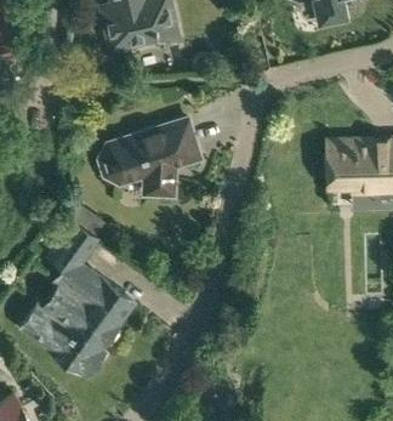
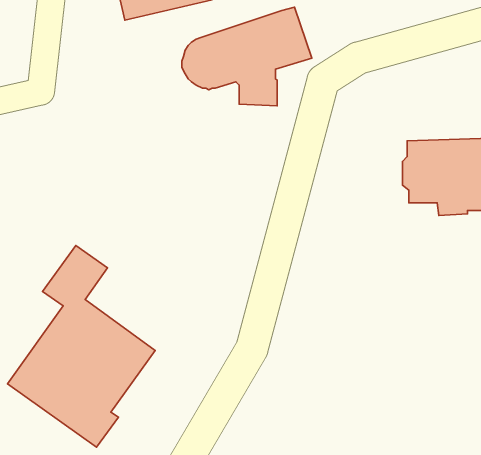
building: [101,120,200,195] -> [182,7,312,106]

